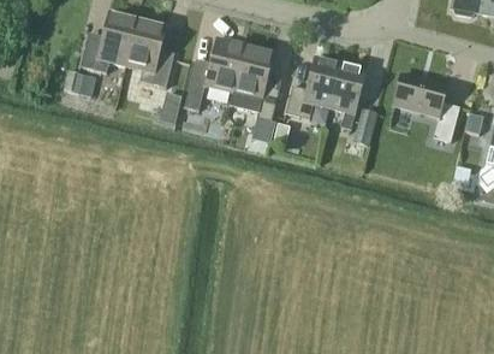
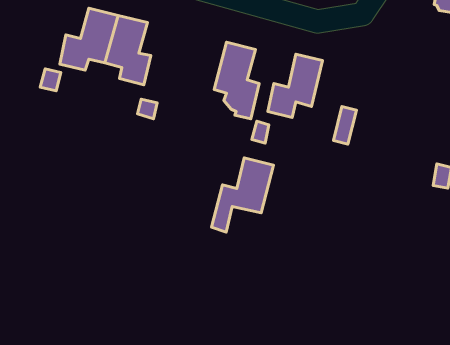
building: [185,37,246,111] -> [211,158,273,232]
building: [331,63,368,130] -> none
building: [394,75,460,142] -> none

